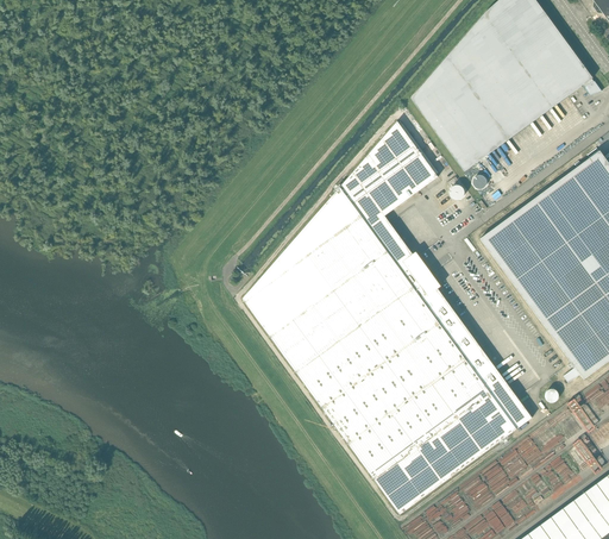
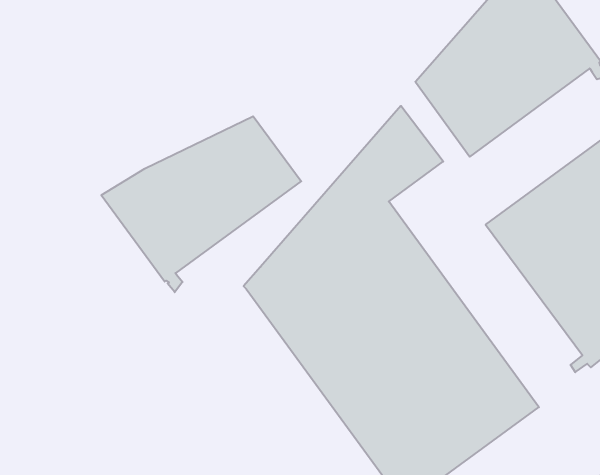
building: none -> [101,116,301,292]

